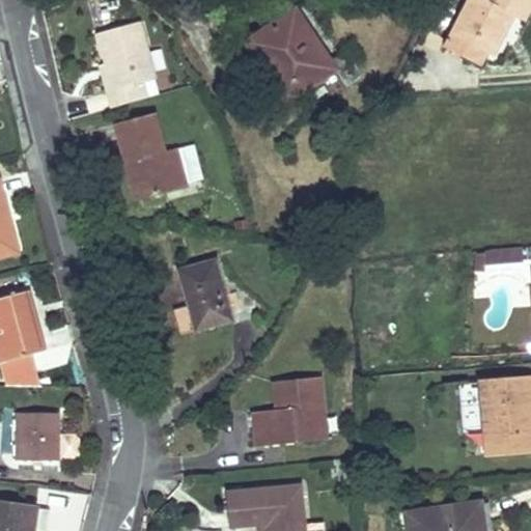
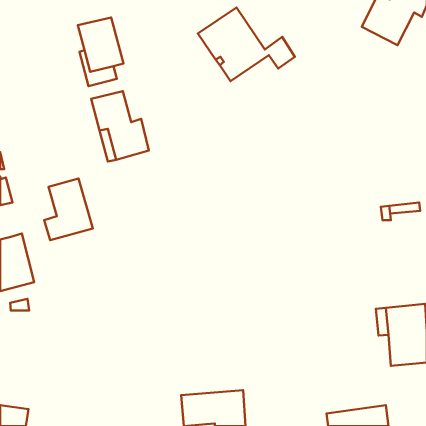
building: [173,258,233,335] -> [44,178,93,240]
building: [250,375,324,446] -> none
building: [16,412,60,459] -> none

